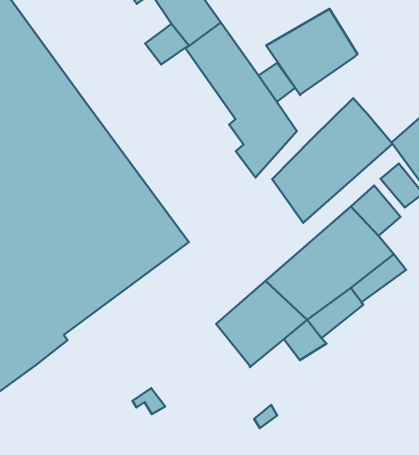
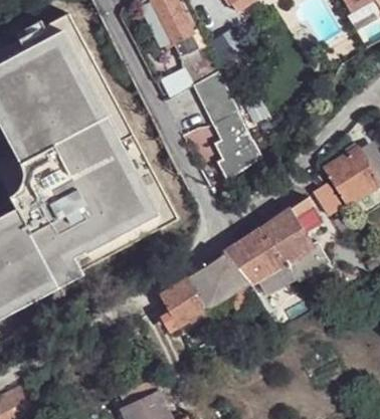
building: [266,9,358,95] -> none
building: [272,98,392,223] -> none
building: none -> [158,279,204,327]

